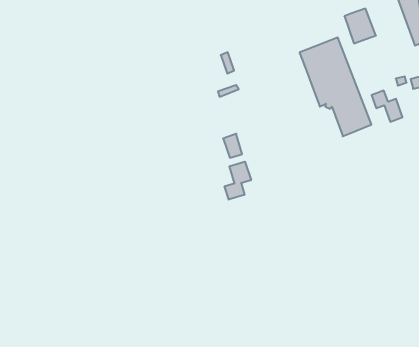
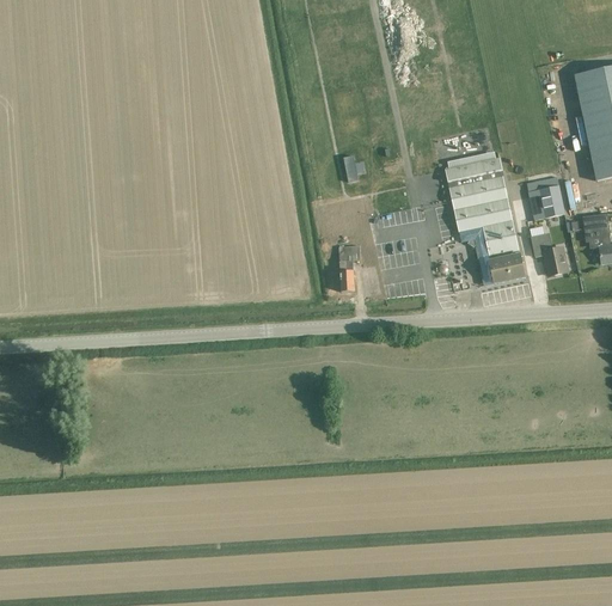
building: [344,9,376,43] -> [527,175,564,218]
building: [225,162,251,200] -> none

